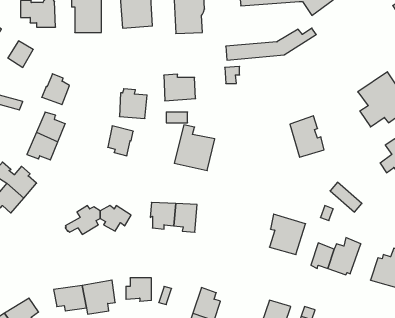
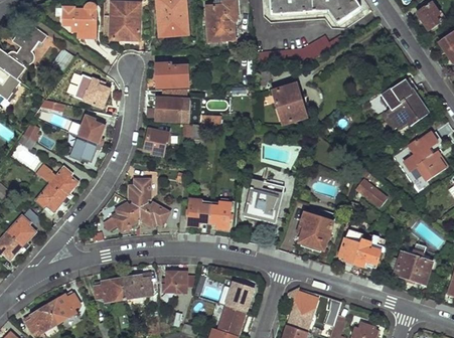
building: [164,74,196,101] -> [157,62,187,88]
building: [290,116,324,157] -> [273,84,305,124]
building: [174,125,215,171] -> [243,179,281,222]
building: none -> [128,179,149,208]

